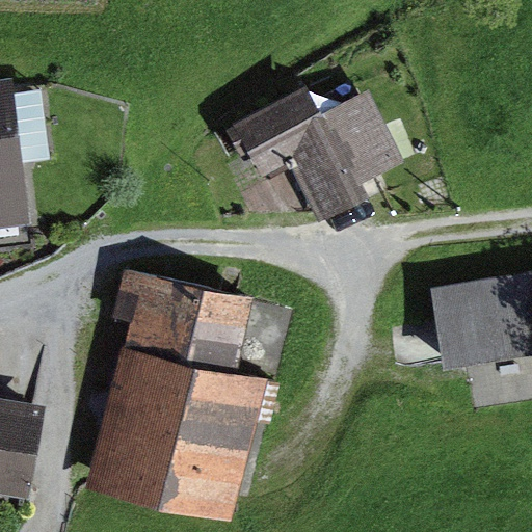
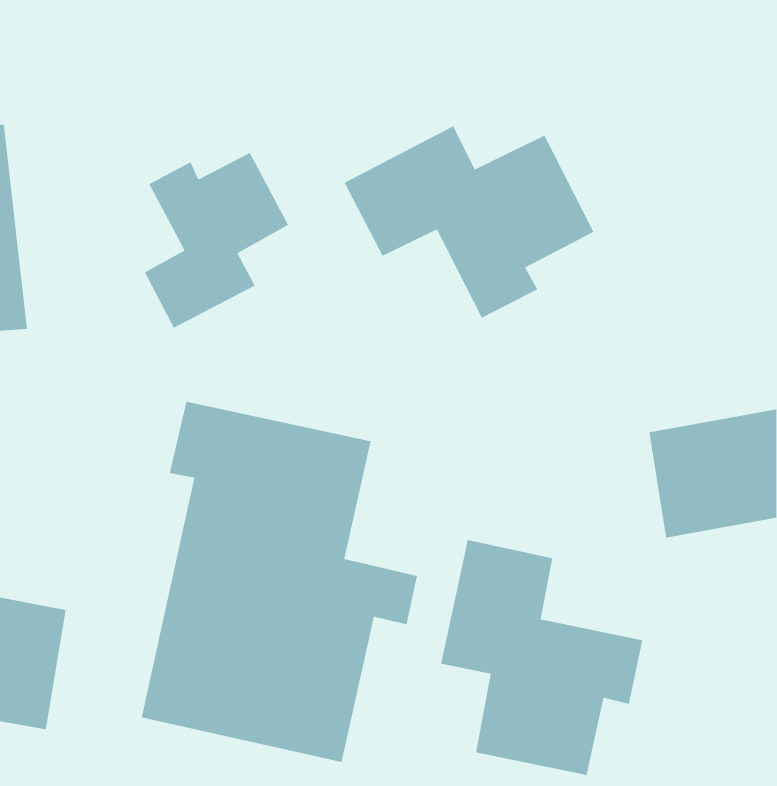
building: none -> [144,152,289,329]
building: none -> [440,539,643,776]

